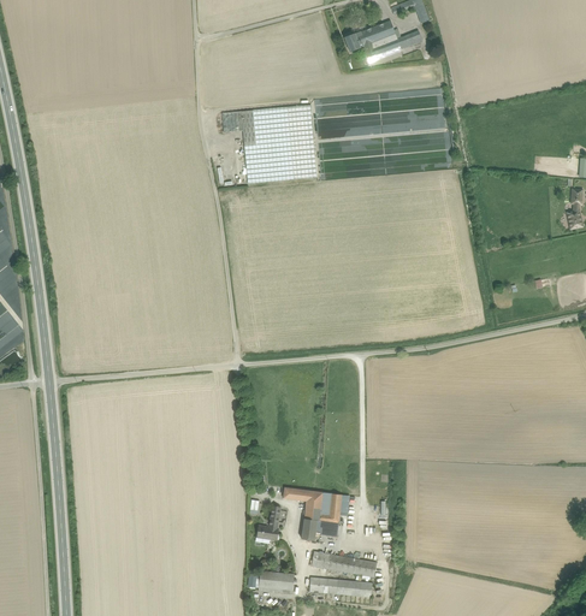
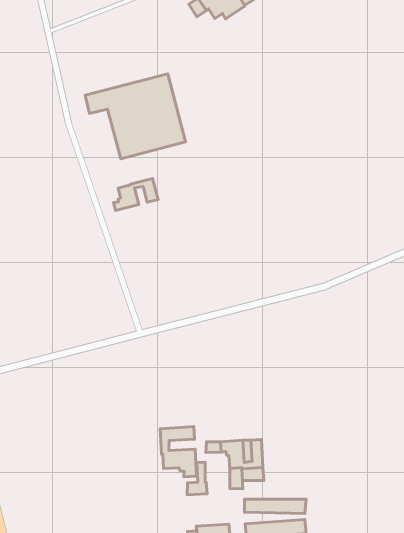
building: none -> [113,178,158,211]
building: none -> [160,427,197,477]

